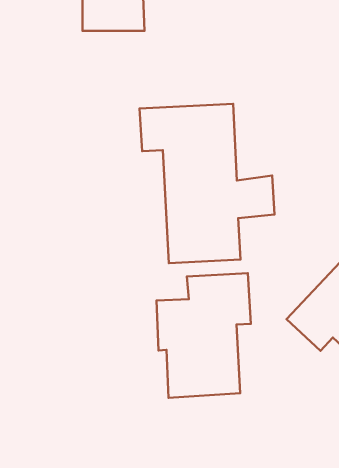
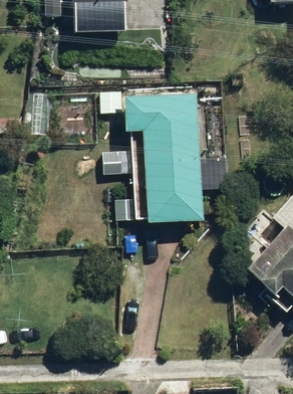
building: [157,273,251,398] -> none

